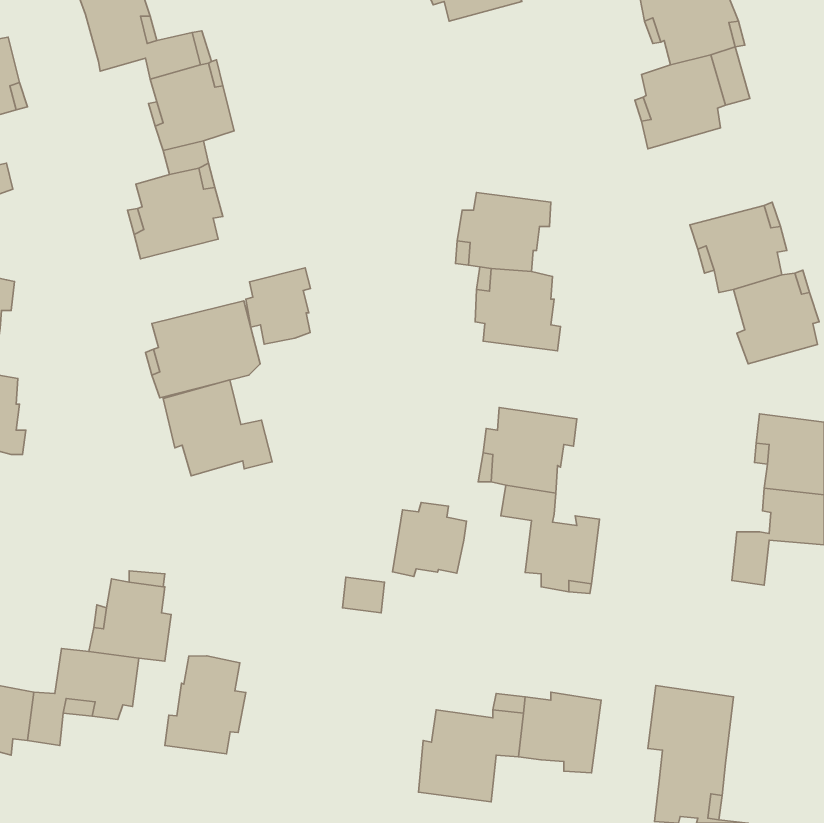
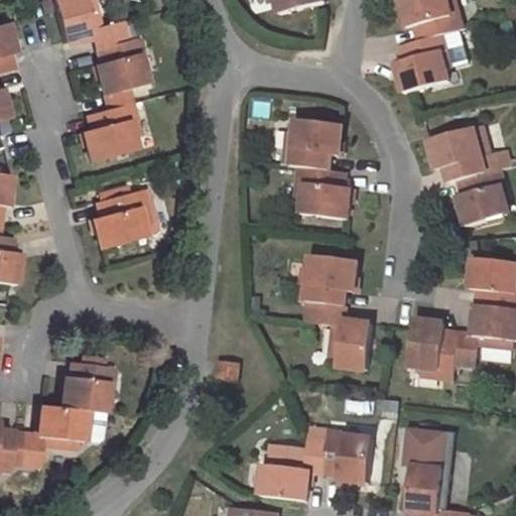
building: [246,268,310,344] -> none
building: [163,380,272,476] -> none
building: [393,503,467,576] -> none
building: none -> [409,320,460,377]
building: [165,656,246,754] -> none

